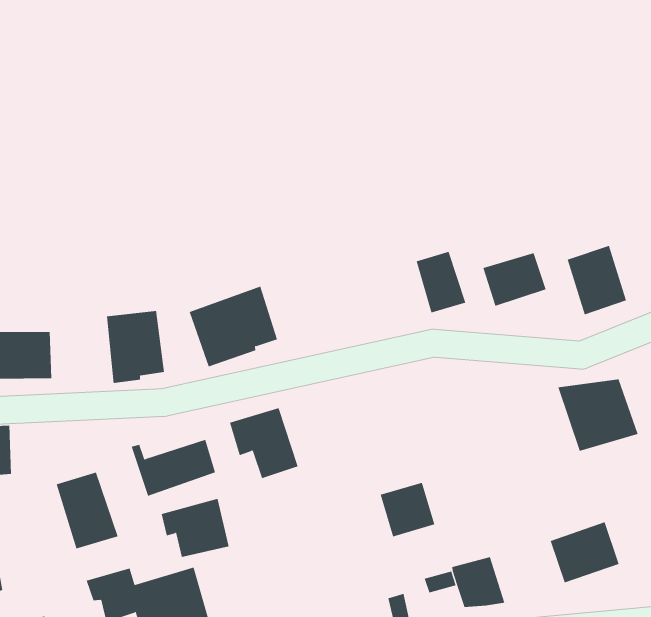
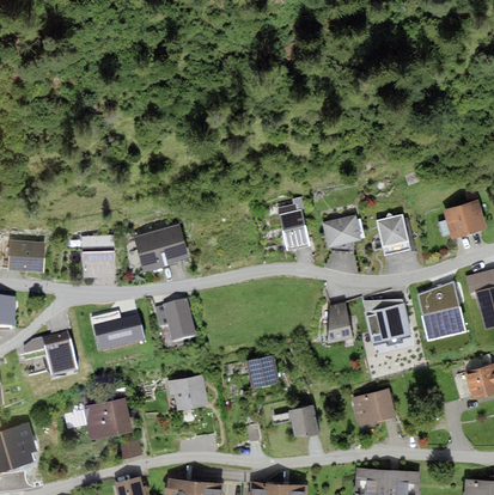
building: none -> [328,302,353,343]
building: [161,498,229,558] -> [166,374,208,410]

